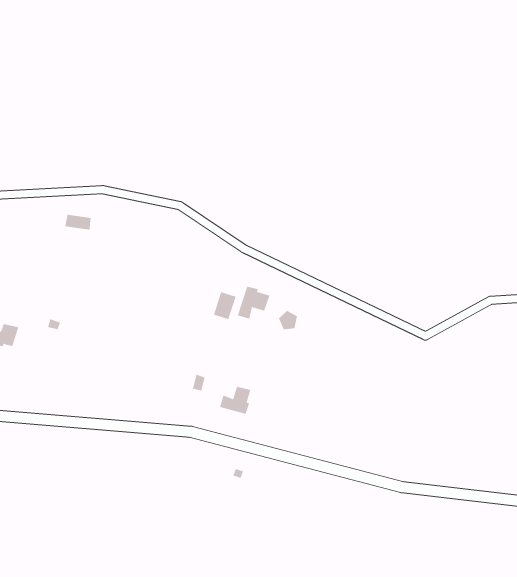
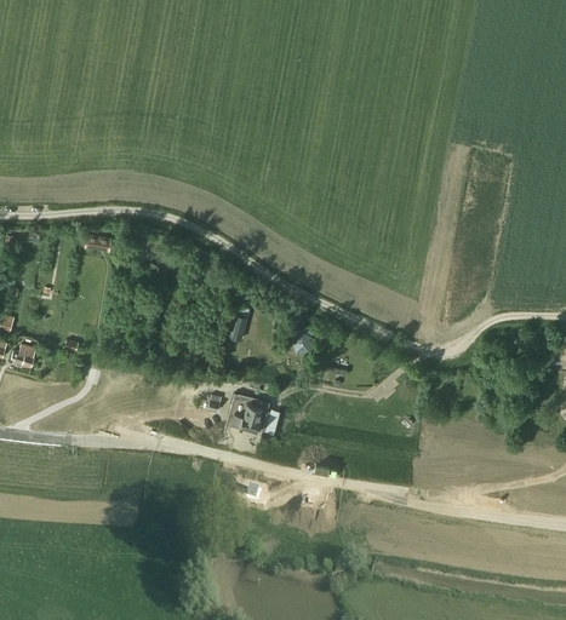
building: [237,286,270,320] -> none

